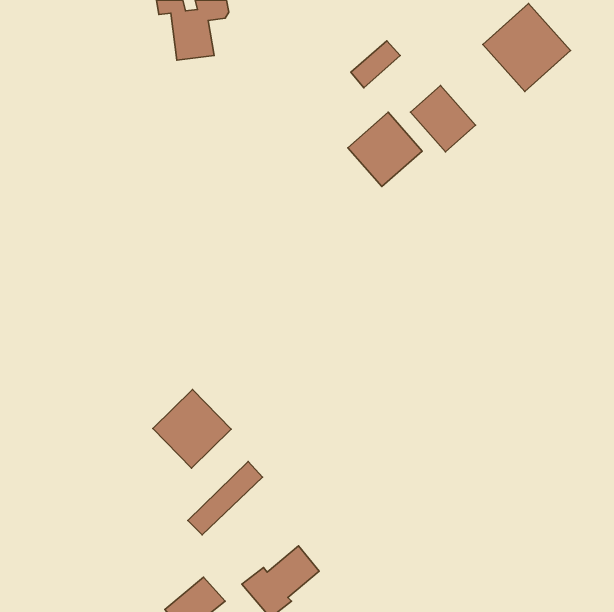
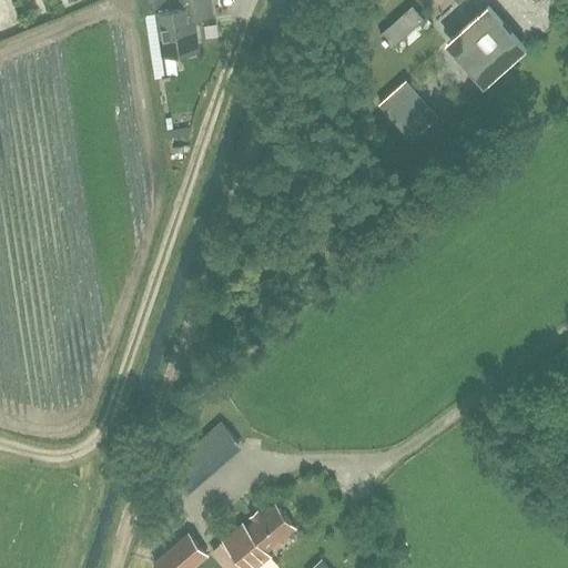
building: [351,41,400,88] -> [378,8,424,51]
building: [348,112,422,186] -> none
building: [153,389,231,468] -> none

